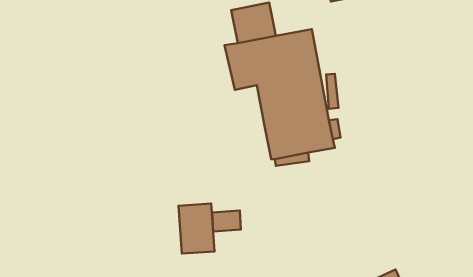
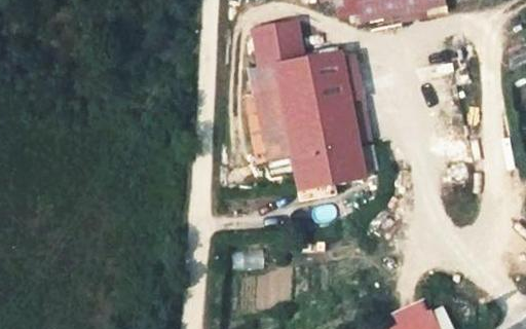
building: none -> [257,109,289,158]
building: [178,204,215,254] -> none

